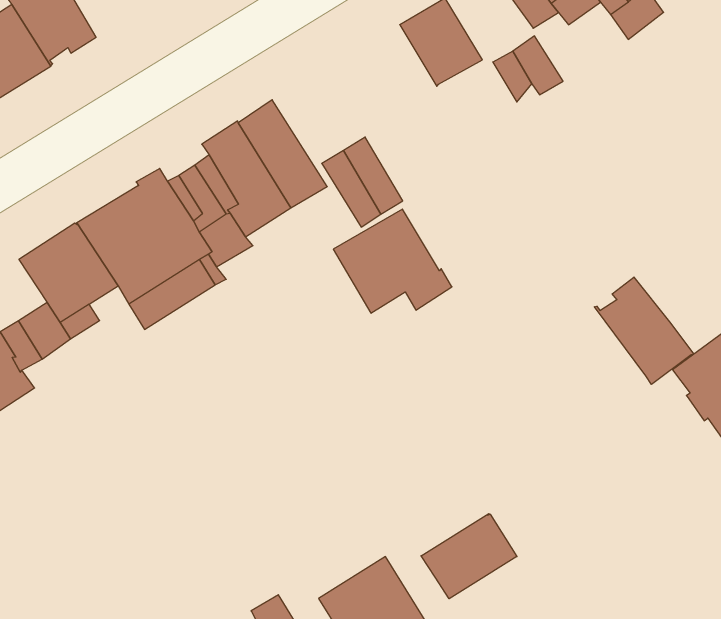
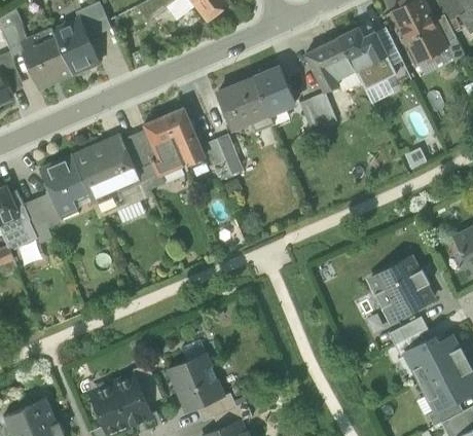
building: [333,209,452,313] -> [216,78,275,132]
building: [594,277,694,384] -> none
building: [421,514,517,599] -> none

